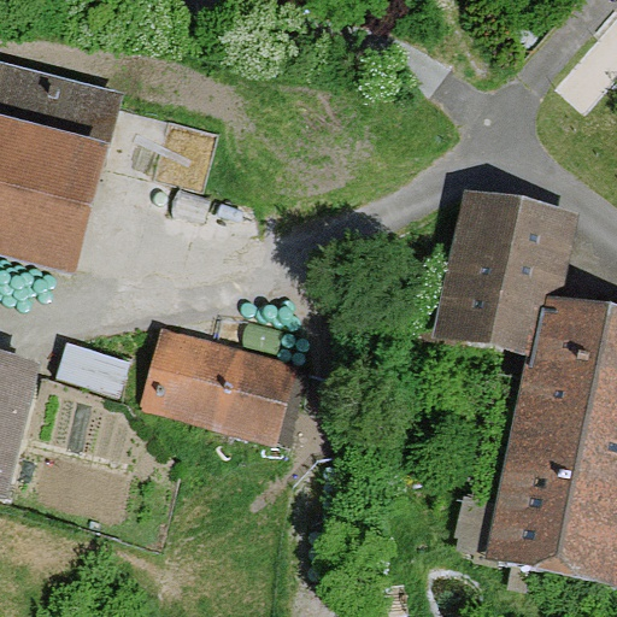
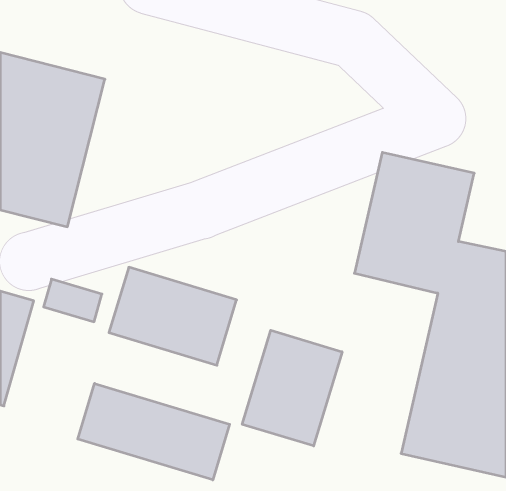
building: none -> [242,330,342,446]
building: none -> [78,383,230,480]

